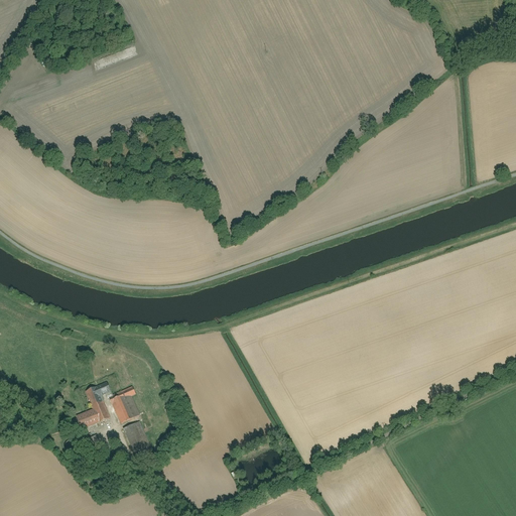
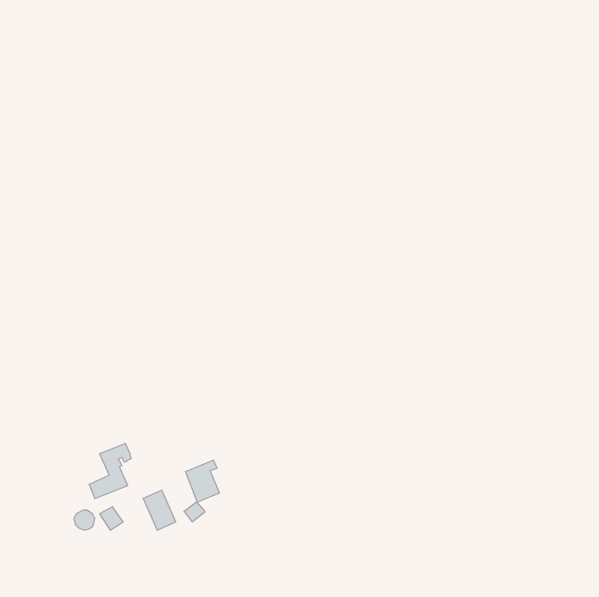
building: [110,387,139,423] -> [185,460,219,502]

